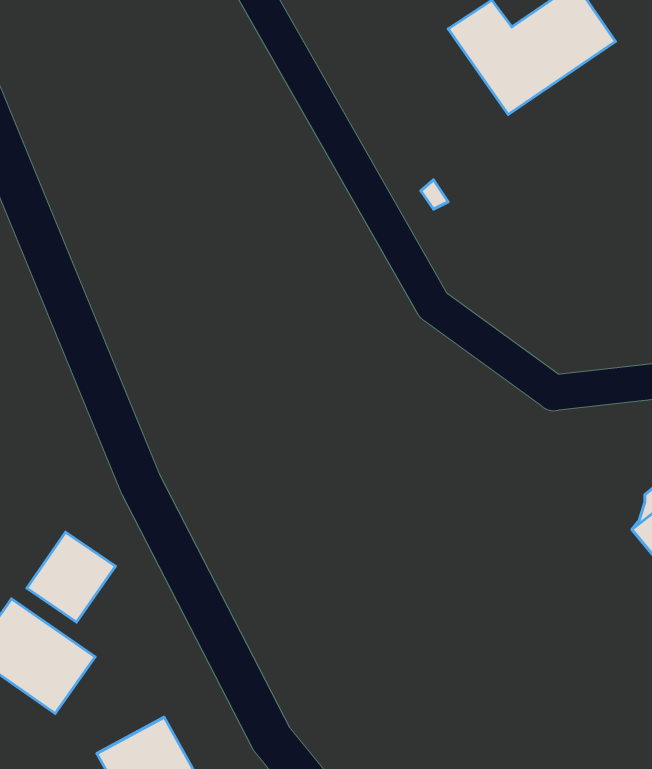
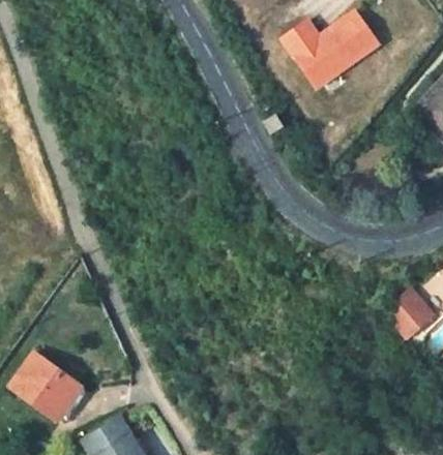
building: [27,532,115,622] -> none

